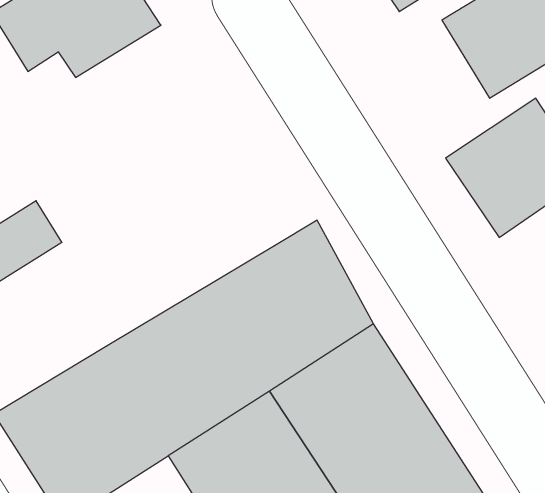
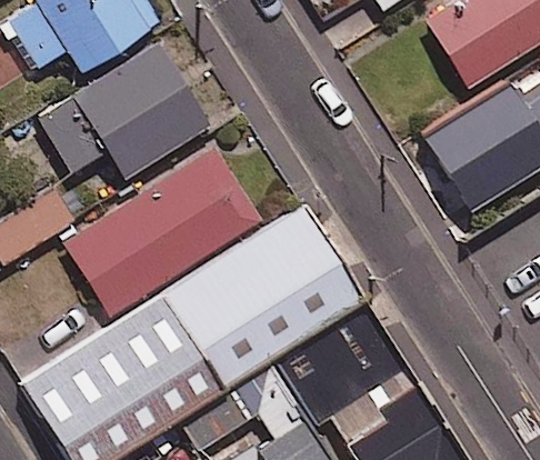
building: none -> [42,43,213,179]
building: none -> [68,148,267,316]

